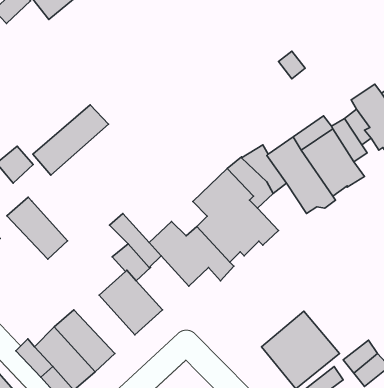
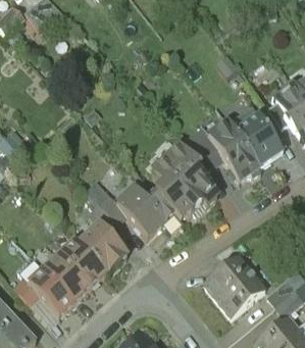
building: [33,105,108,175] -> none
building: [7,197,68,259] -> [58,240,105,288]

